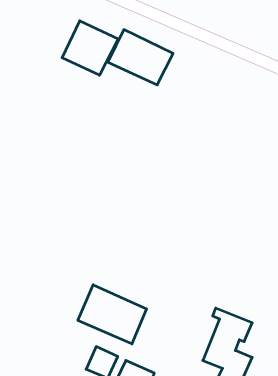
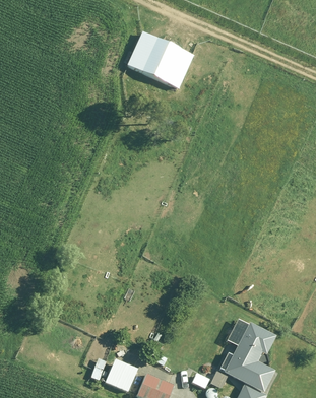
building: [62,21,118,75] -> none
building: [78,285,147,344] -> none

